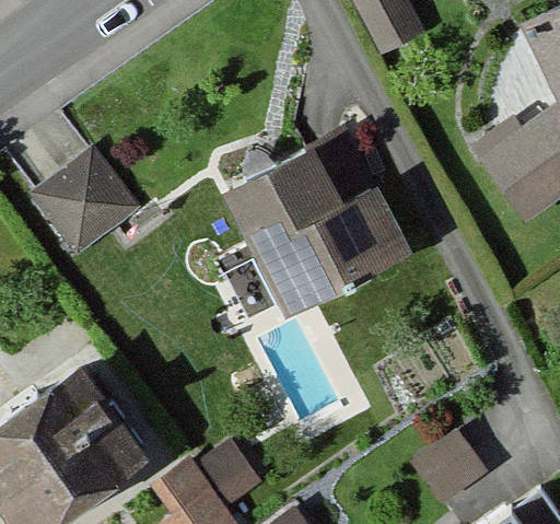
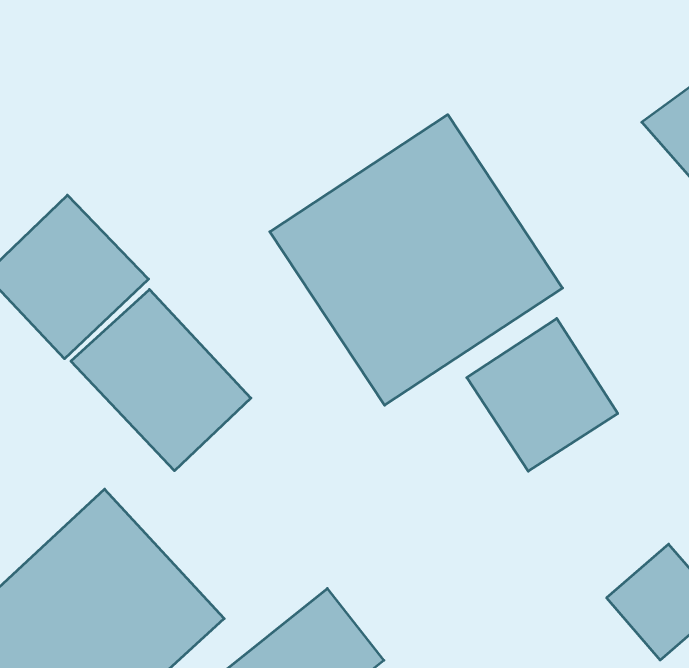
building: none -> [71,289,251,471]
building: none -> [467,318,618,471]

